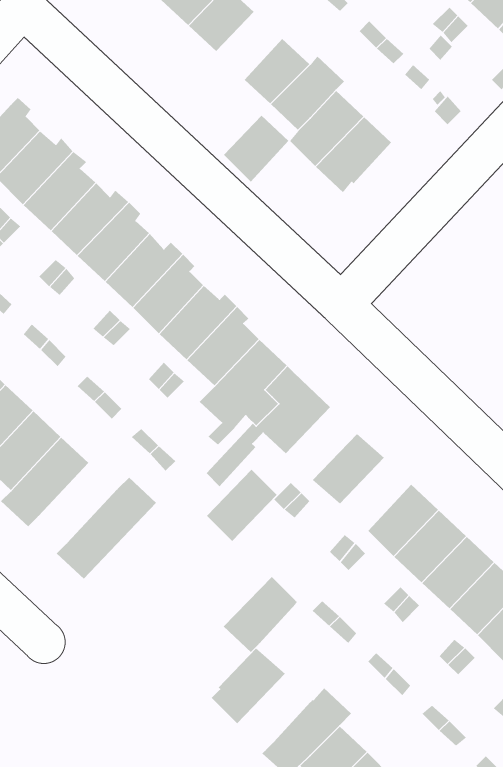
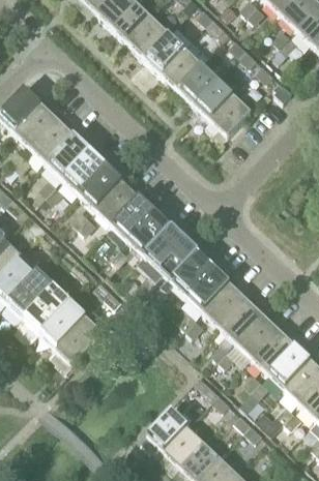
building: [223,115,289,183] -> [145,32,184,72]
building: none -> [219,297,261,340]
building: none -> [39,300,86,348]
building: [206,469,278,542] -> [186,267,229,310]
building: [223,576,298,653] -> [157,425,202,471]

